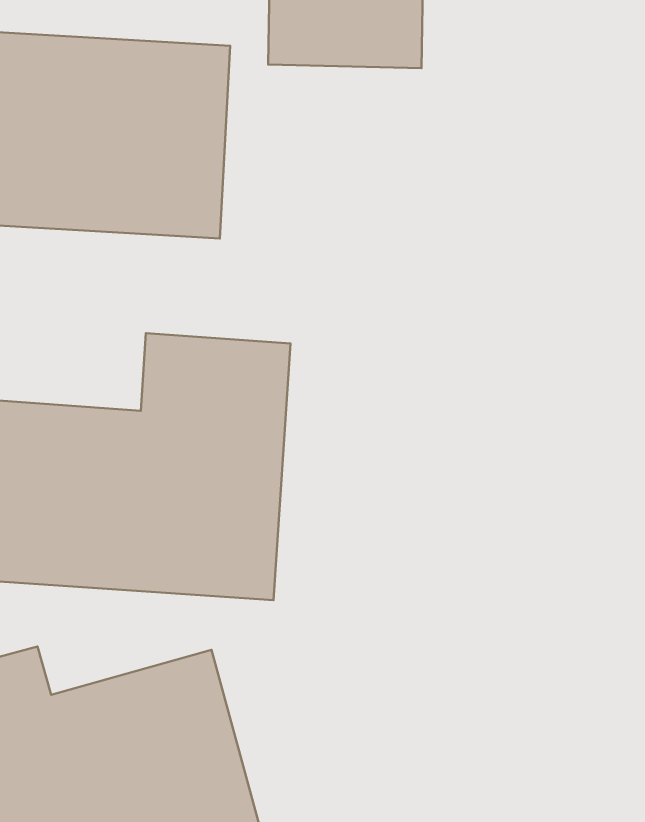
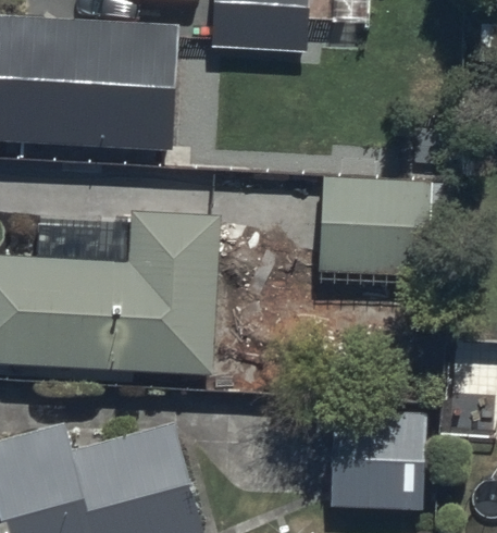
building: none -> [314,170,431,268]
building: none -> [334,401,427,508]

